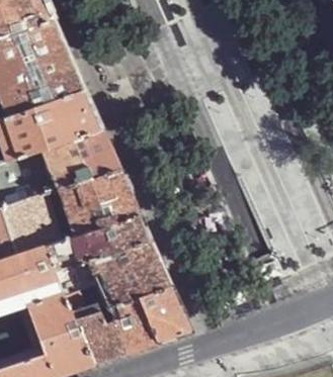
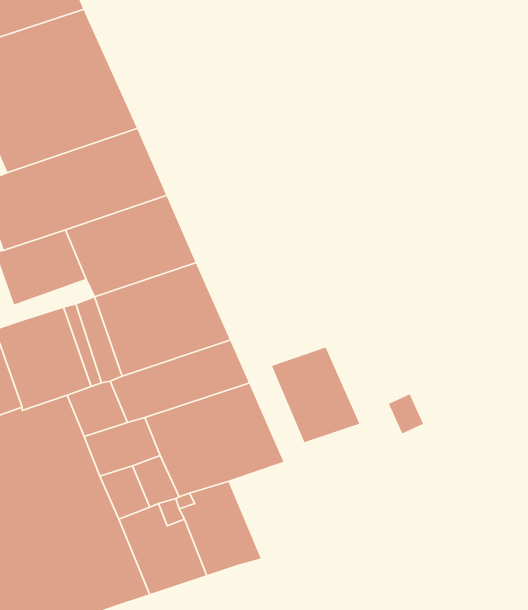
building: [139,286,191,343] -> [271,347,361,443]

